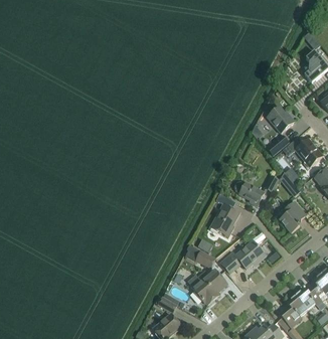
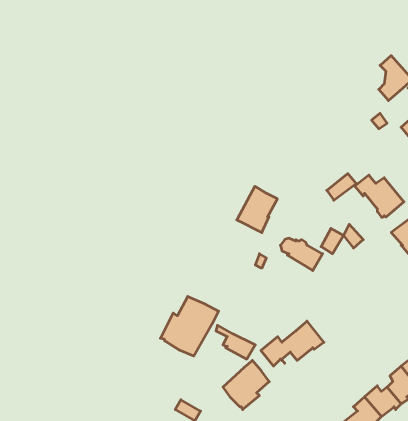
building: [267,106,295,133] -> none
building: [280,200,307,233] -> none
building: [210,203,239,236] -> [237,186,277,233]
building: none -> [160,296,219,356]

